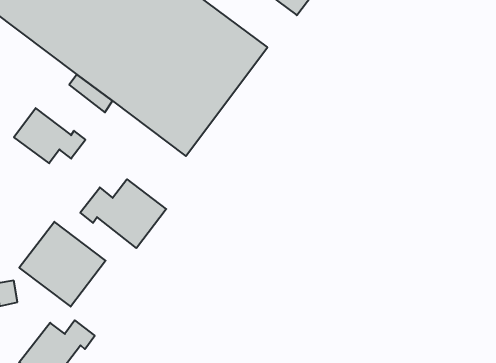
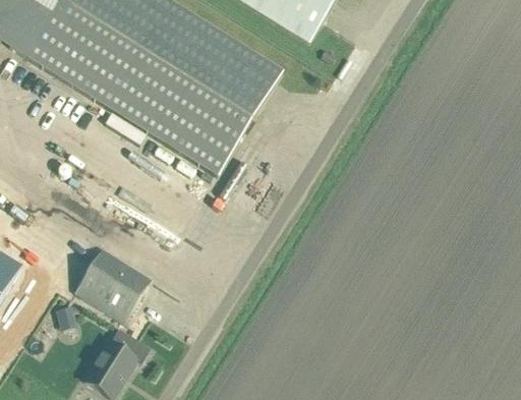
building: [14,108,85,163] -> none
building: [80,179,166,248] -> none

